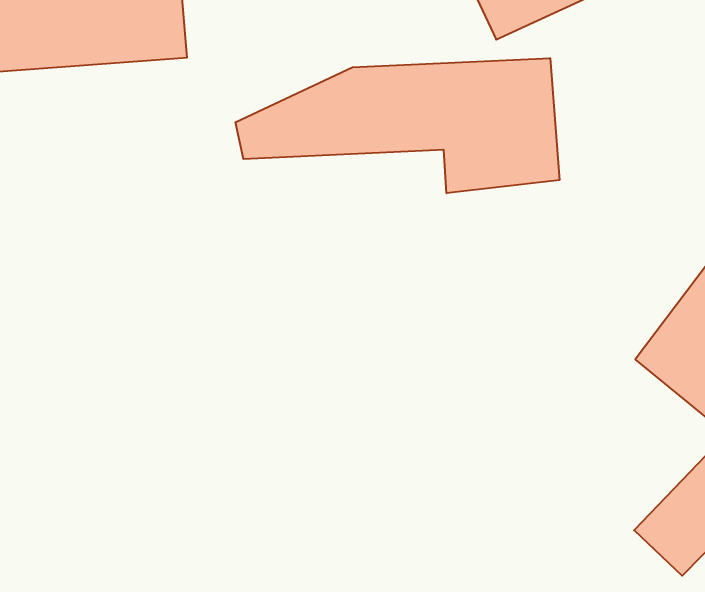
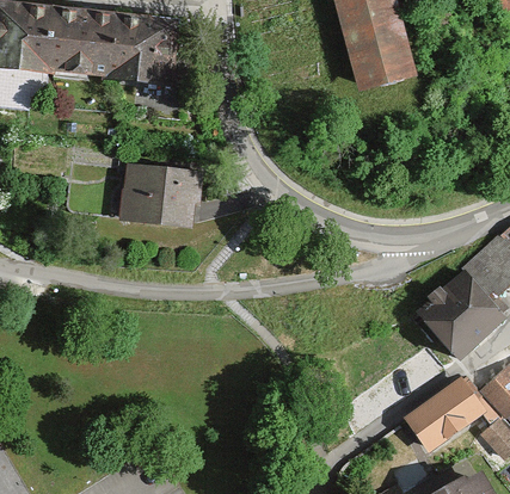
building: [235,58,560,193] -> none
building: none -> [121,162,201,226]

